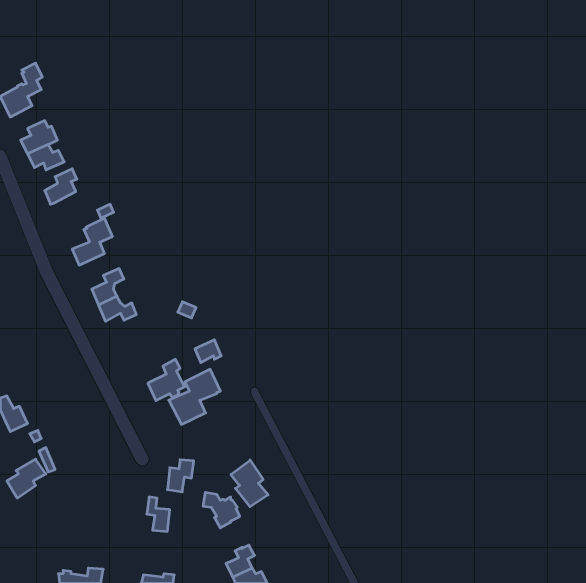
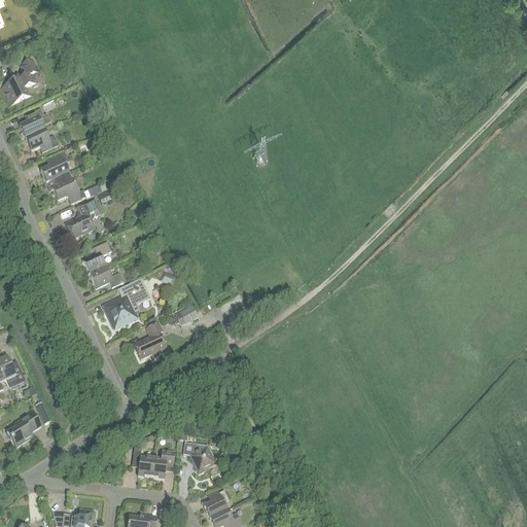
building: none -> [48,171,85,203]
building: [169,369,220,424] -> [103,278,149,327]
building: [167,460,194,492] -> [150,450,174,479]
building: [231,460,268,507] -> none

